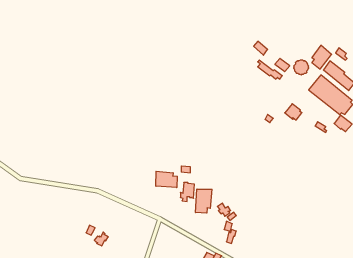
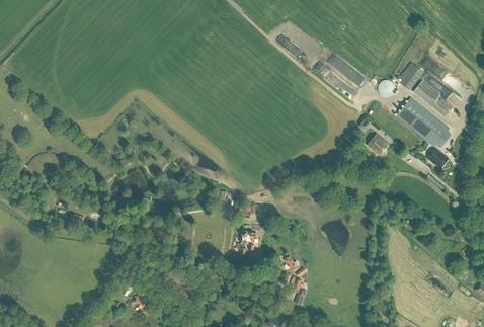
building: [156,171,177,188] -> none
building: [196,189,212,213] -> none

